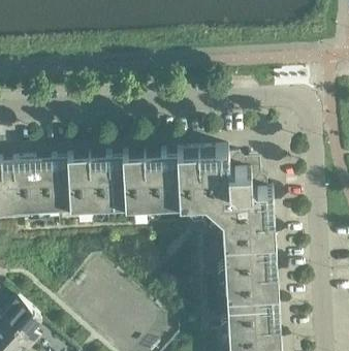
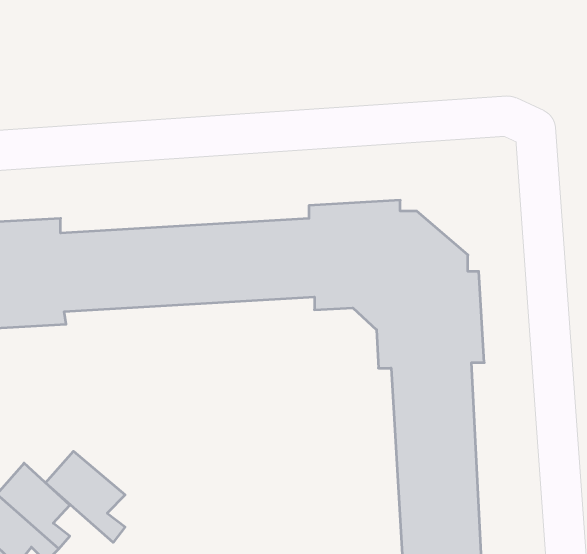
building: none -> [45,451,125,542]

